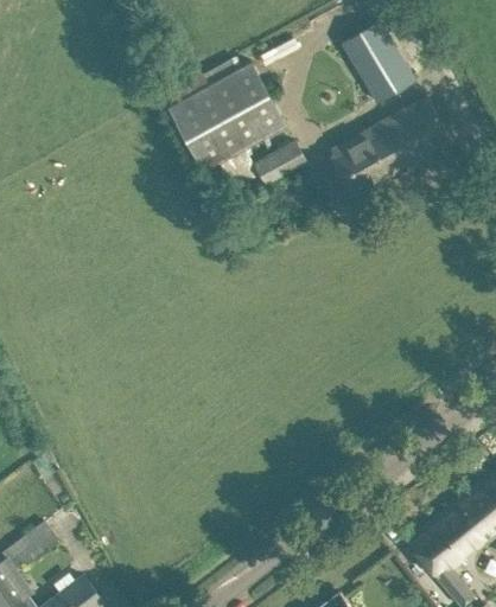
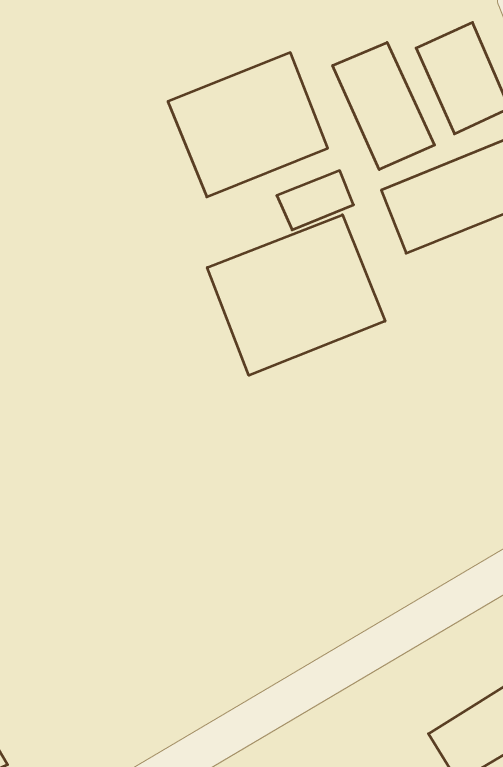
building: none -> [333,42,435,170]
building: none -> [207,215,385,375]

